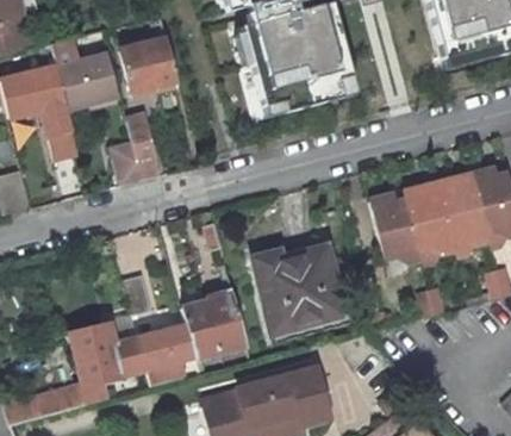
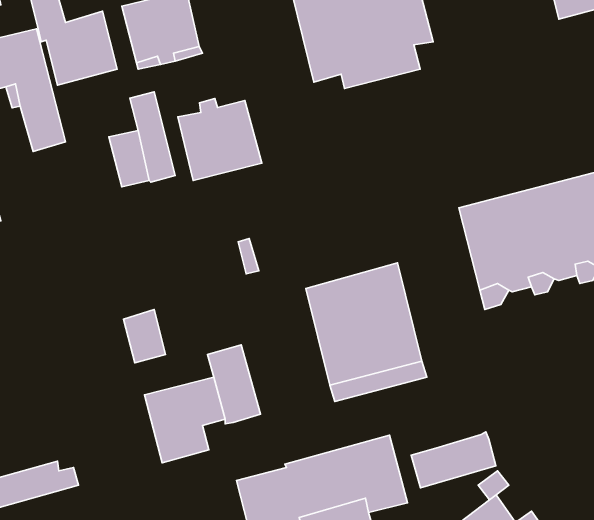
building: none -> [178,99,262,180]
building: [206,287,247,350] -> none
building: [69,316,144,403] -> none
building: none -> [411,432,496,488]

